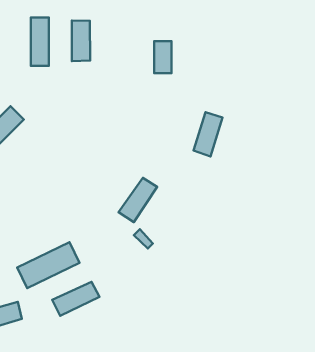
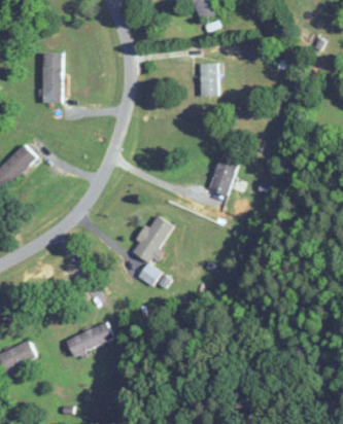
building: [72,21,90,61] -> none
building: [154,41,171,73] -> [200,63,217,96]
building: [17,242,79,288] -> none

